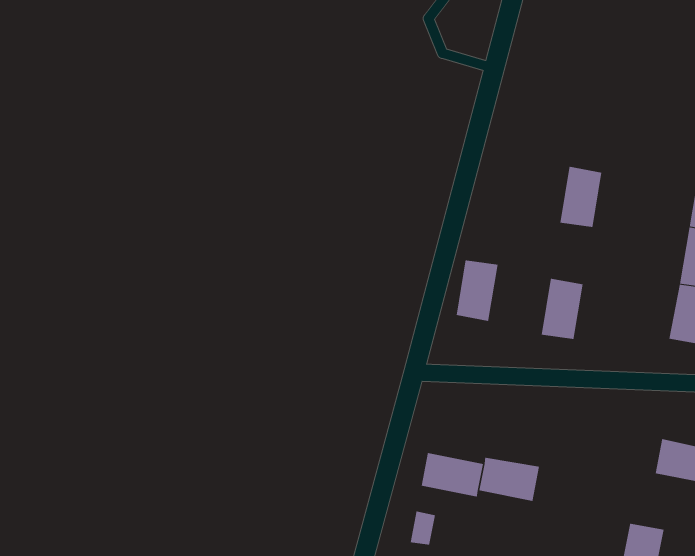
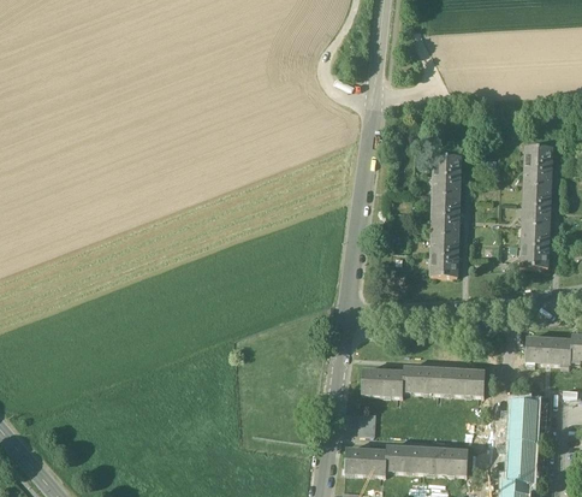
building: [456,260,498,321] -> [433,194,458,235]
building: none -> [443,367,486,394]

